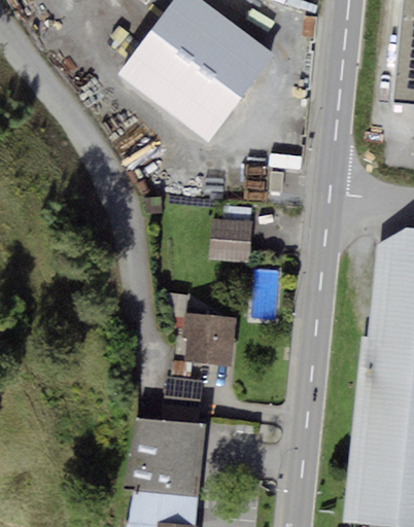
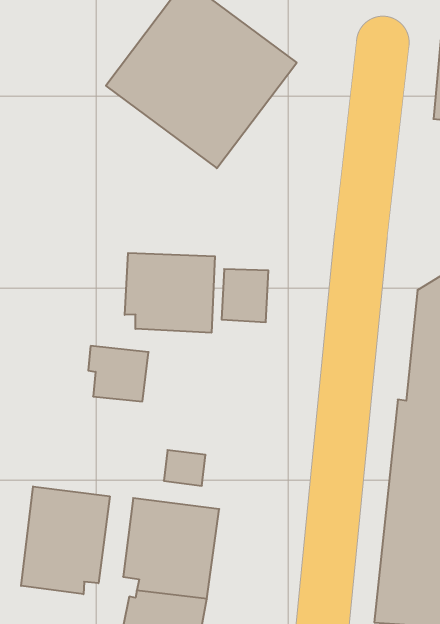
building: none -> [125,253,215,333]
building: [183,315,234,361] -> [88,346,149,401]
building: none -> [21,486,110,594]

